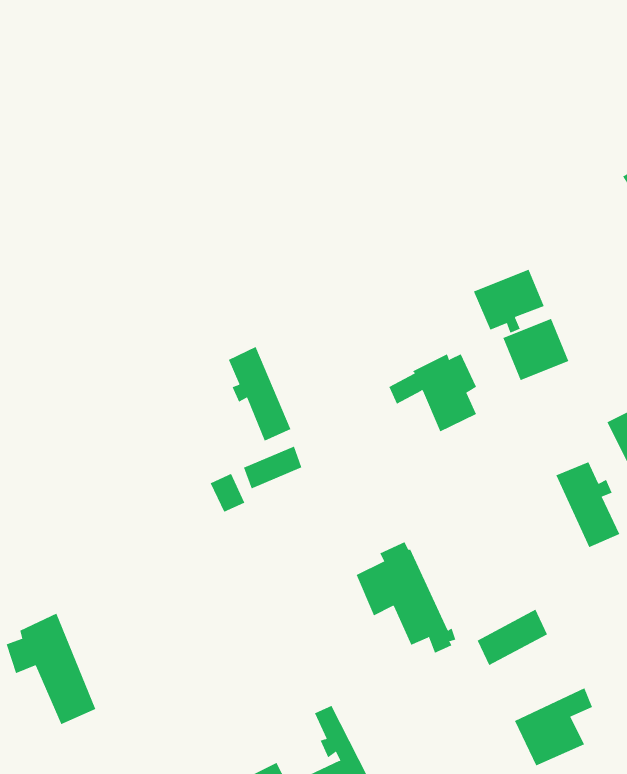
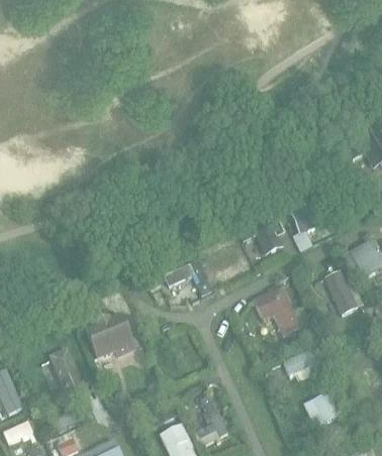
building: [473,269,545,334] -> none
building: [228,346,291,442] -> none
building: [356,541,456,653] -> [255,281,306,339]
building: none -> [84,320,135,361]

